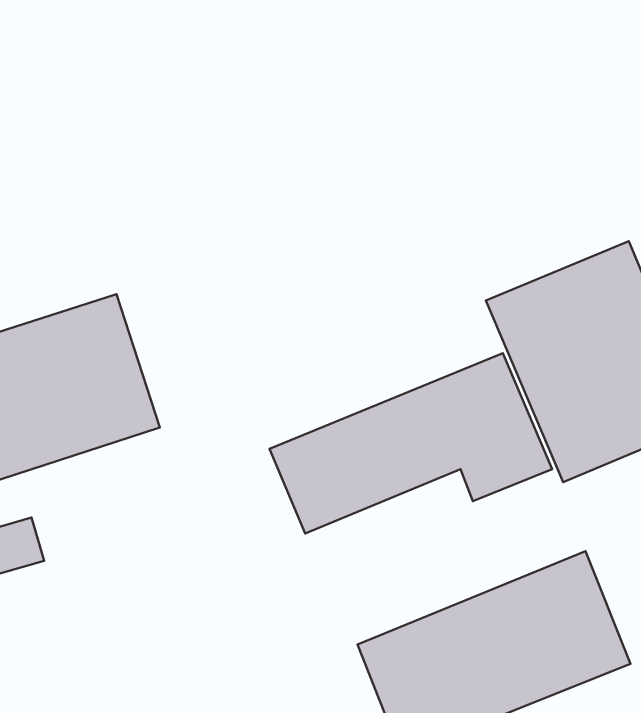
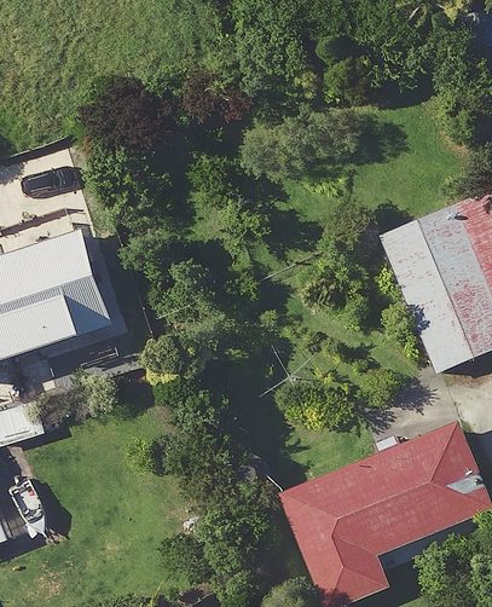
building: [269,353,552,534] -> none

